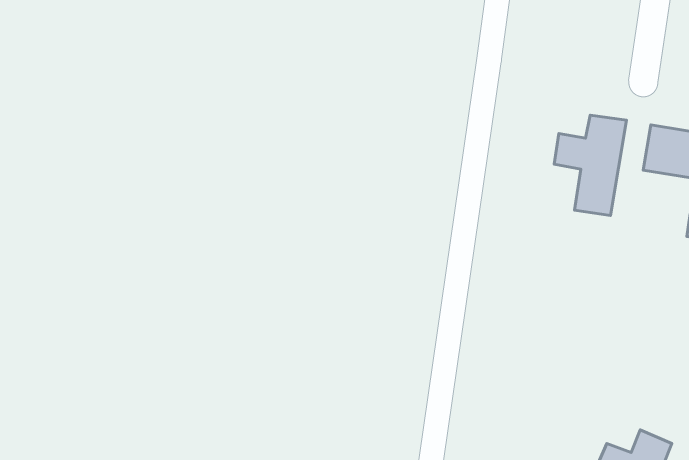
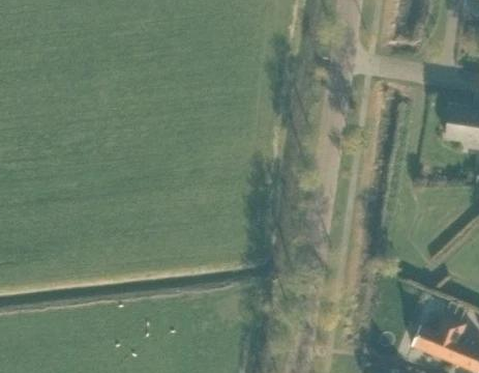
building: [554,115,626,215] -> none

